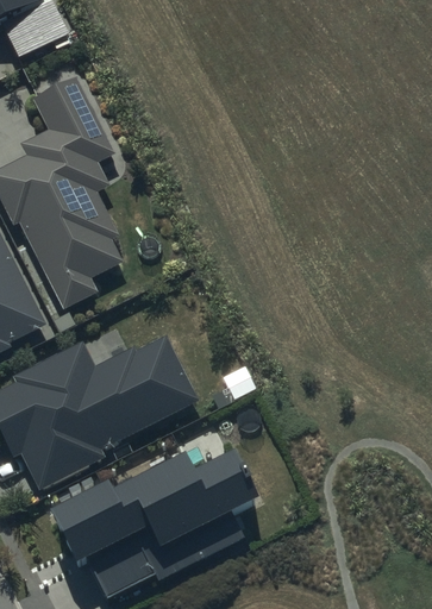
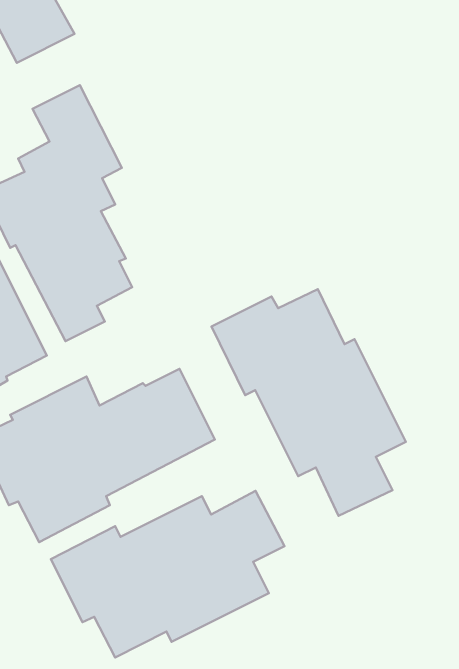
building: none -> [211,289,406,516]

